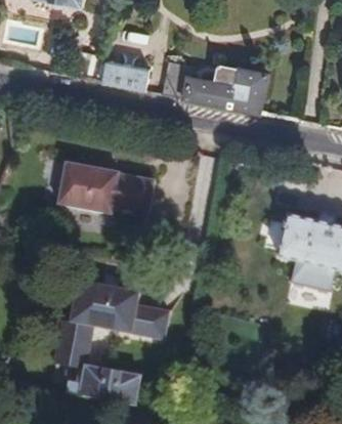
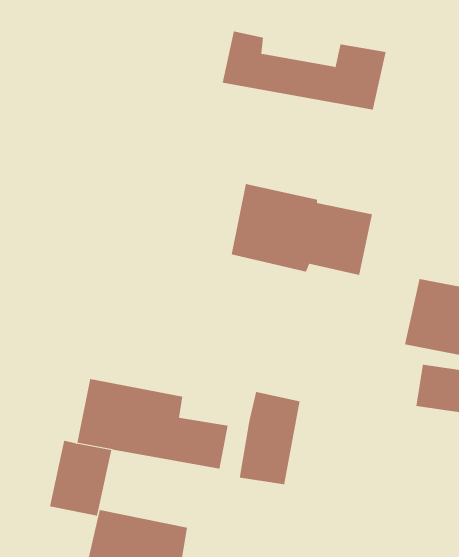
building: [101,57,151,89] -> none
building: [61,161,152,219] -> [231,183,373,276]
building: none -> [239,391,300,485]

